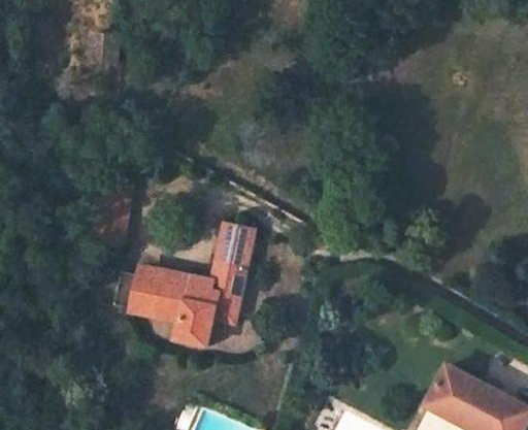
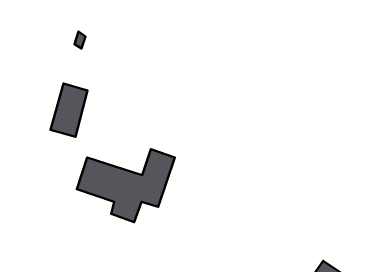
building: [217,223,254,258] -> none

